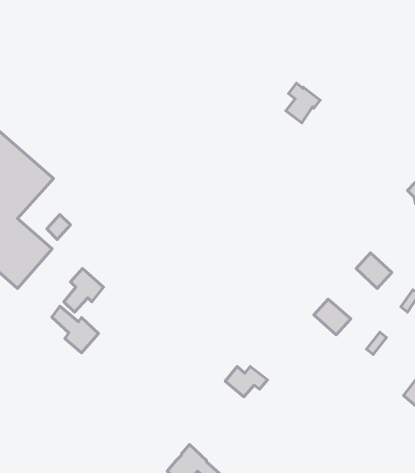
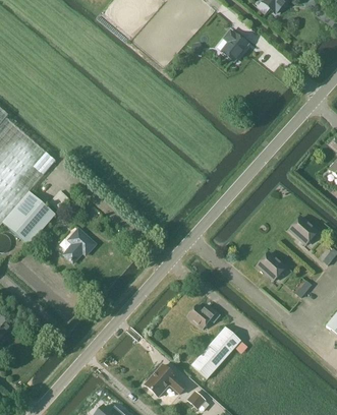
building: [286,83,320,123] -> [221,29,247,60]
building: [52,306,98,353] -> none
building: none -> [190,327,239,378]

